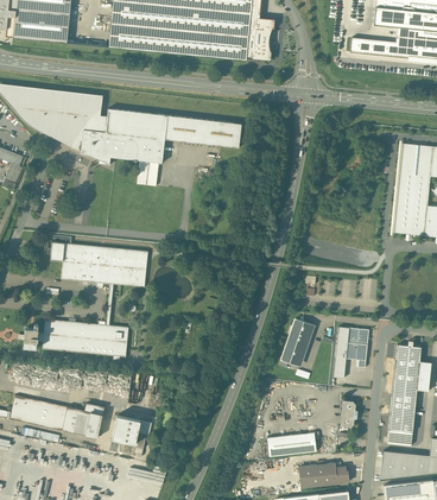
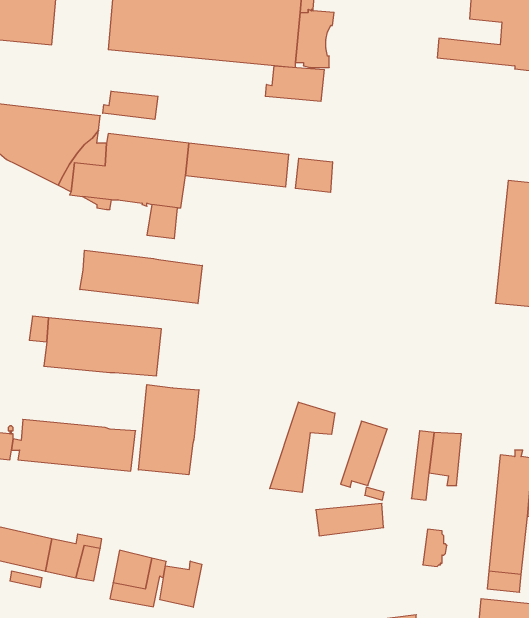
building: none -> [265,66,324,101]
building: none -> [103,91,158,119]
building: none -> [295,158,332,192]
building: none -> [80,250,202,304]
building: none -> [138,385,199,475]
building: none -> [270,402,335,492]
building: none -> [160,561,202,607]
building: [266,432,316,456] -> [316,503,384,536]

